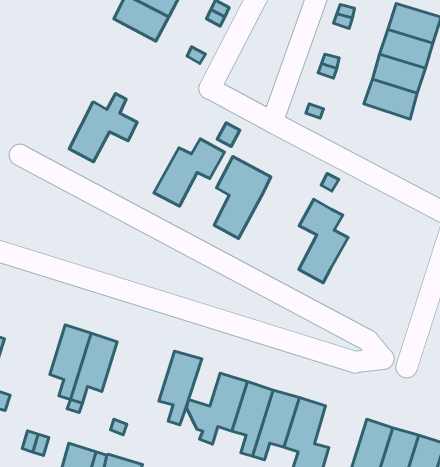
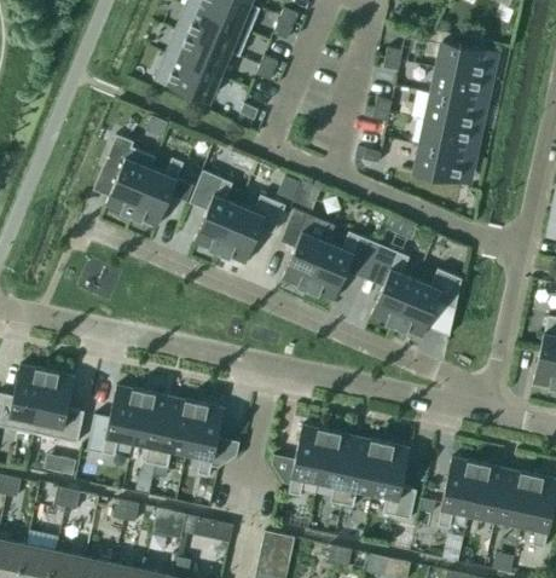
building: none -> [103,134,151,216]
building: none -> [415,145,468,183]
building: none -> [190,170,241,253]
building: none -> [308,232,380,301]
building: none -> [396,268,462,337]
building: none -> [103,386,144,457]
building: [159,351,202,425] -> [186,404,225,476]

